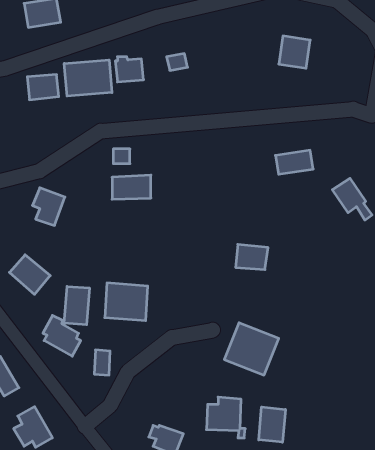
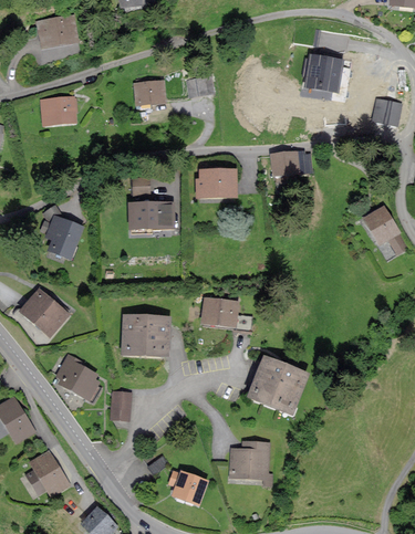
building: [64,60,112,96] -> none
building: none -> [371,100,401,127]
building: none -> [196,172,236,200]
building: [275,150,313,174] -> [264,153,304,178]
building: [236,244,268,270] -> [203,302,237,328]
building: [64,286,89,325] -> none
building: [259,407,285,442] -> none

